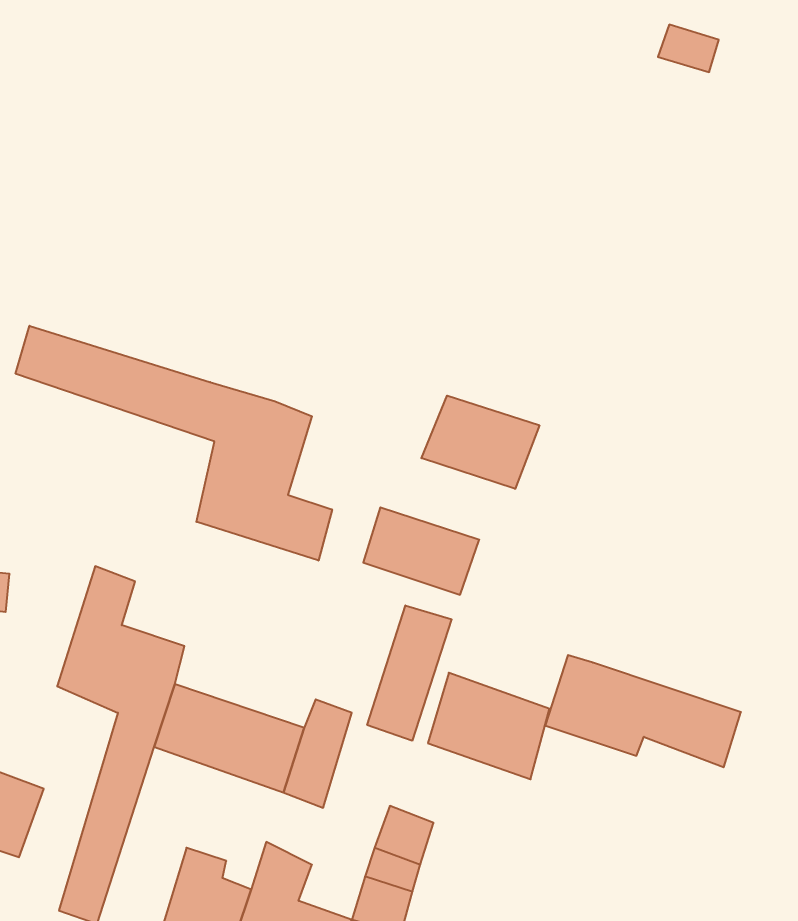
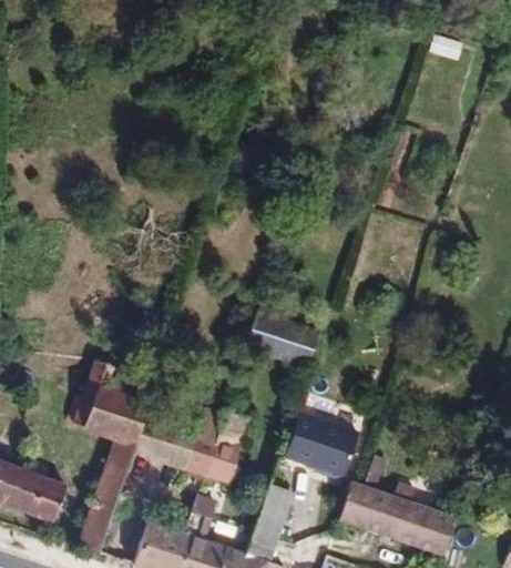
building: [16,326,332,561] -> none
building: [421,396,539,489] -> none
building: [367,605,452,741] -> none
building: [545,655,741,767] -> [341,484,456,549]

